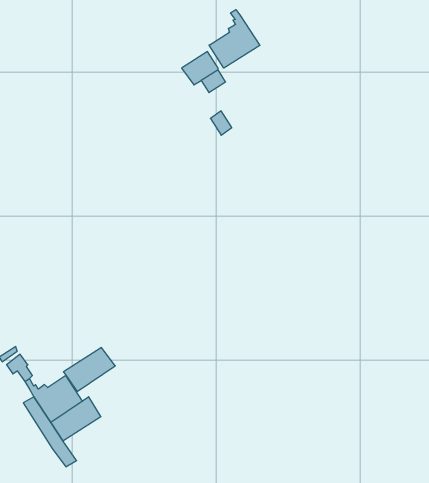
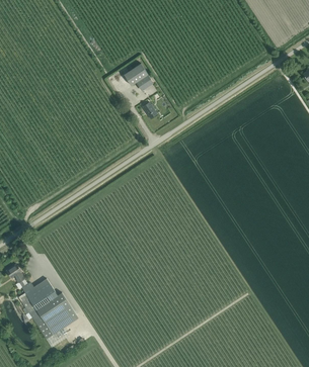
building: [209,10,260,68] -> none
building: [63,348,115,392] -> [45,305,79,335]

